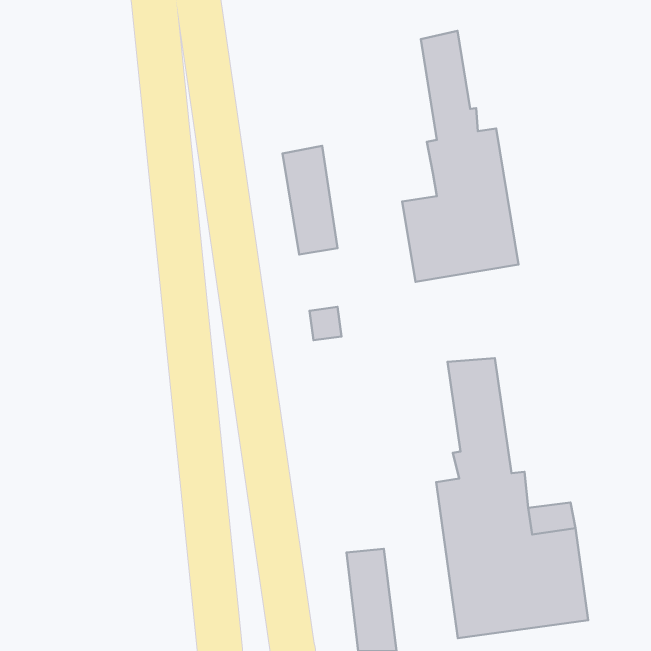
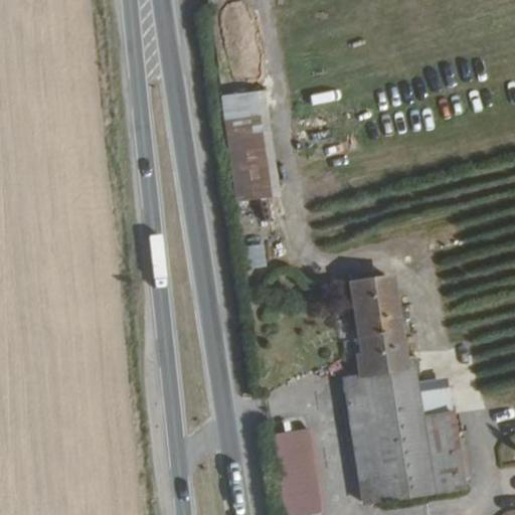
building: [402,31,519,282] -> none

